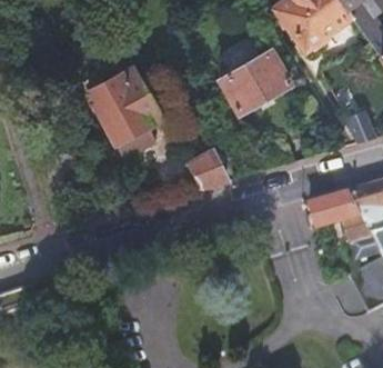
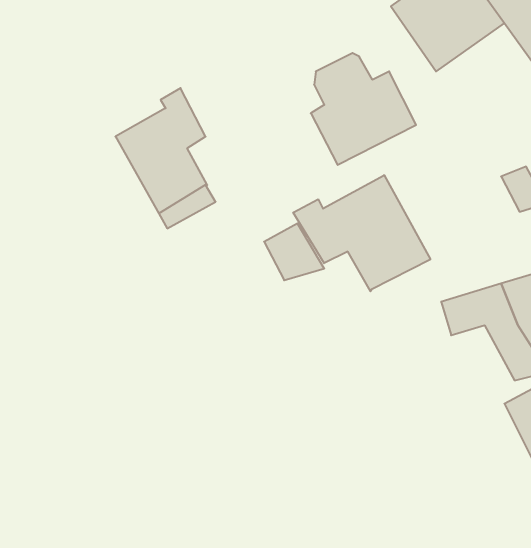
building: none -> [293,175,430,291]

